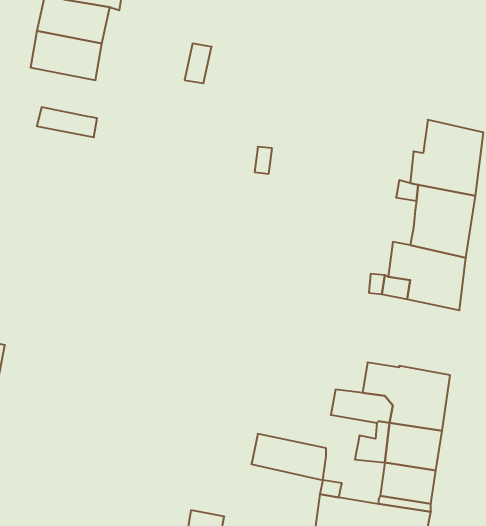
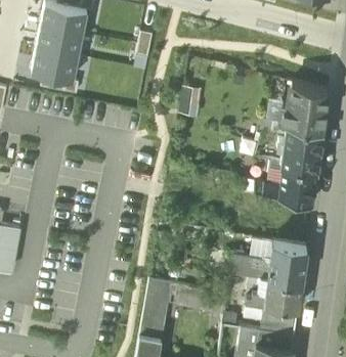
building: none -> [31,51,78,83]
building: none -> [139,281,170,341]

